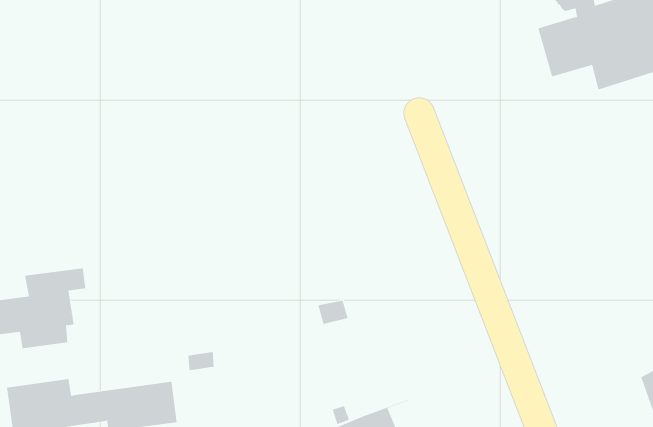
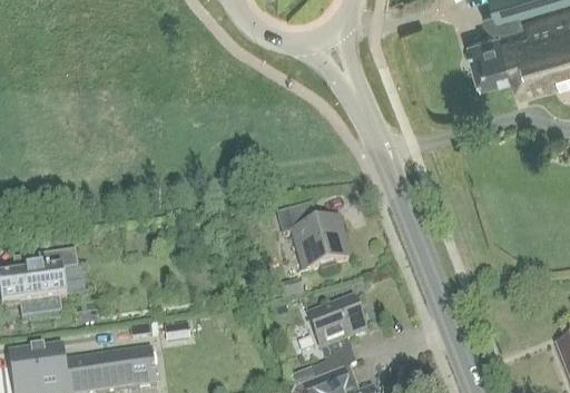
building: none -> [277,203,351,268]
building: none -> [308,296,365,377]

